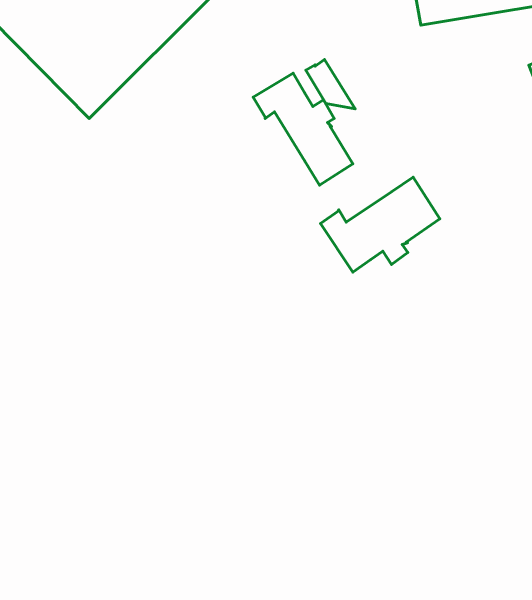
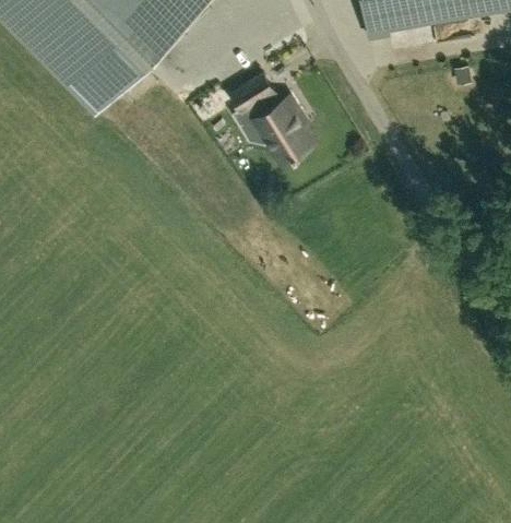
building: [306,60,355,109] -> [234,102,274,142]
building: [320,177,440,272] -> none

